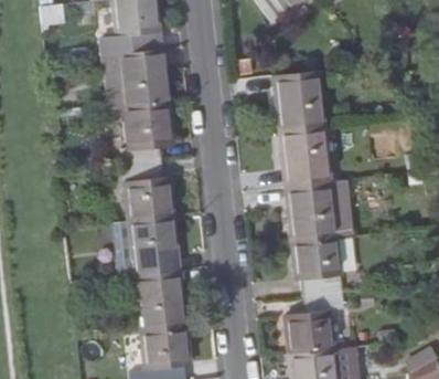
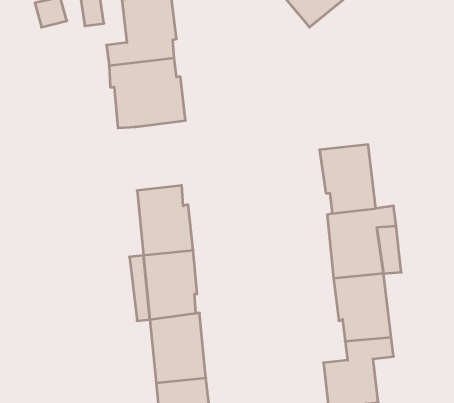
building: [277,70,325,130] -> none
building: [124,105,173,166] -> none

